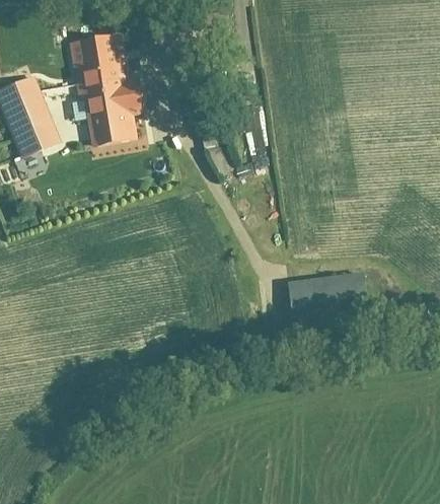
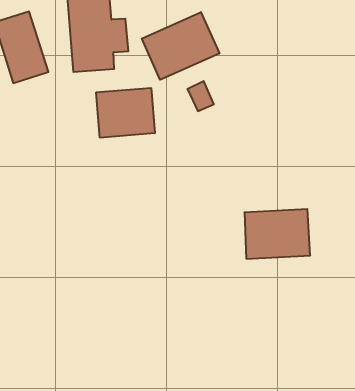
building: none -> [142,12,219,80]
building: none -> [96,88,155,138]

